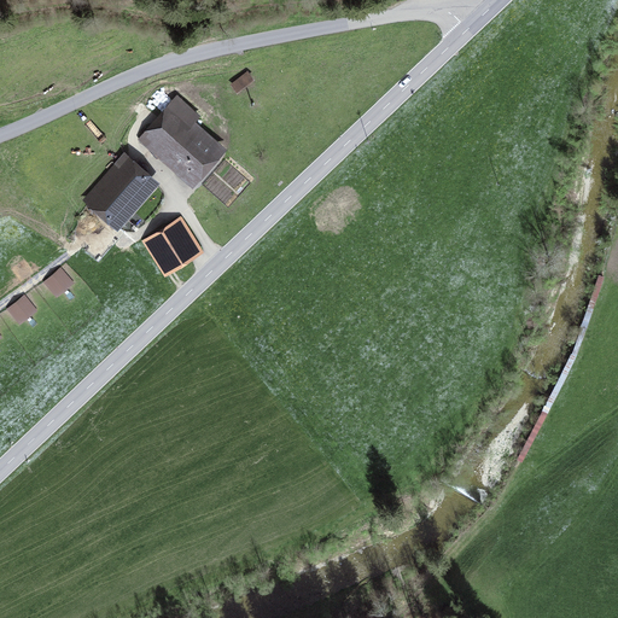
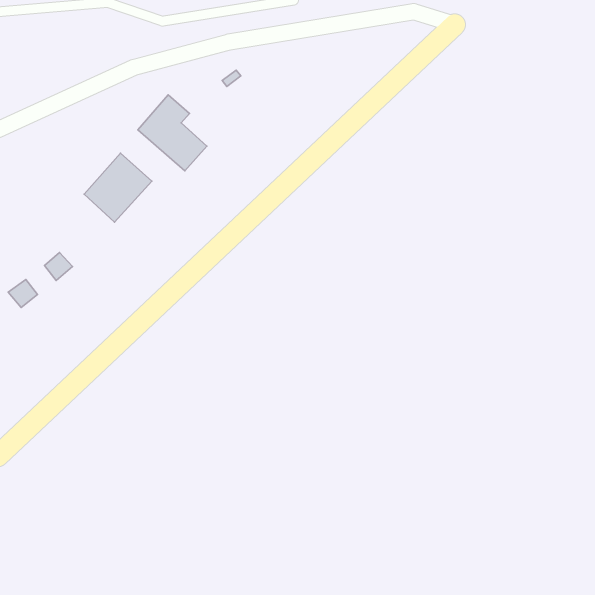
building: [140,220,197,276] -> none

